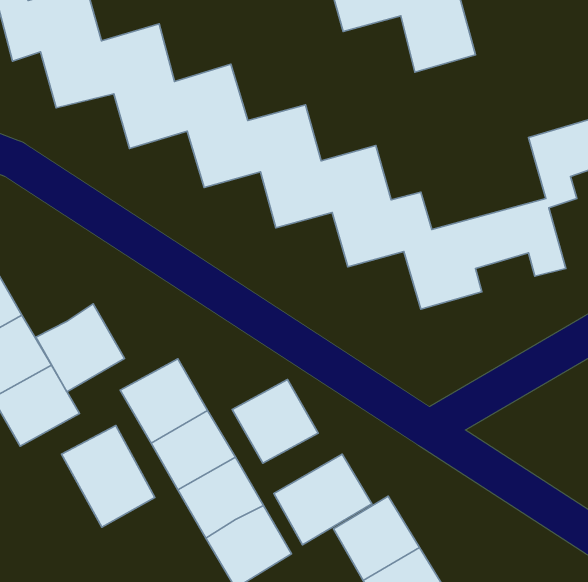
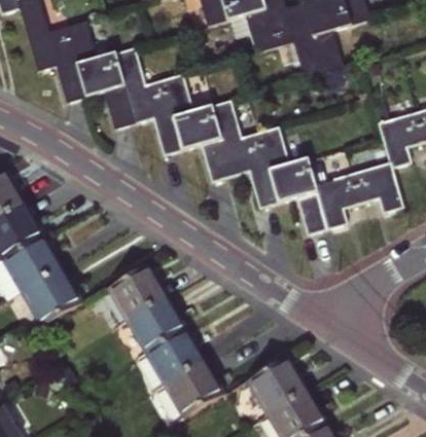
building: [36,304,124,392] -> none
building: [232,379,318,463] -> none
building: [61,425,155,527] -> none
building: [274,454,372,545] -> none

